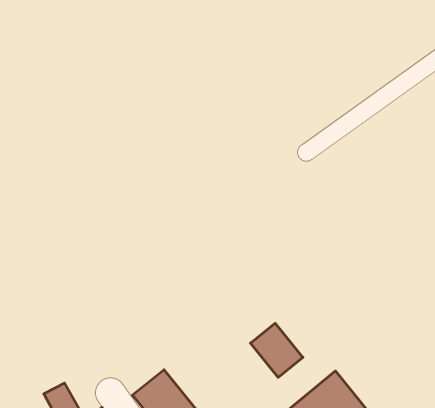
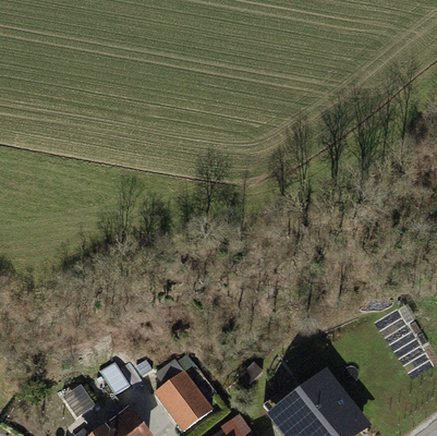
building: [250,323,303,377] -> none

